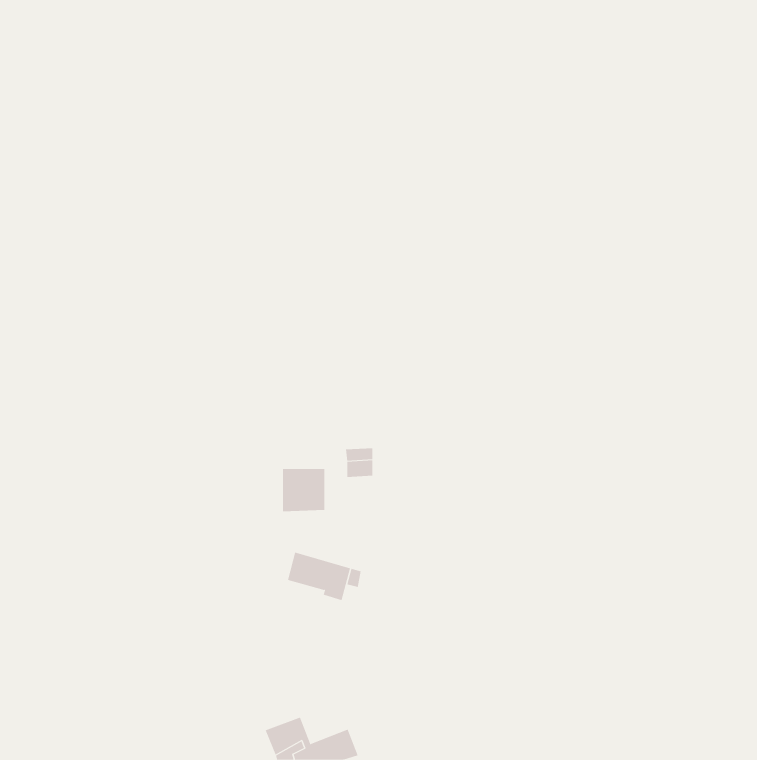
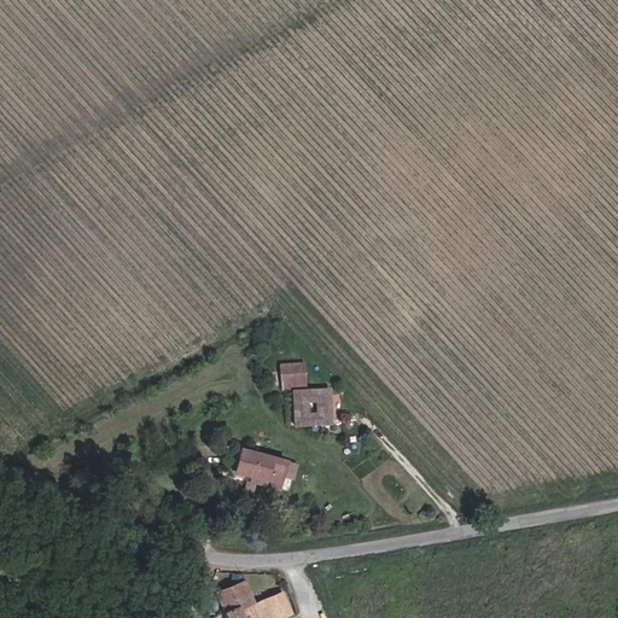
building: [282,469,325,512] -> [295,390,330,425]

